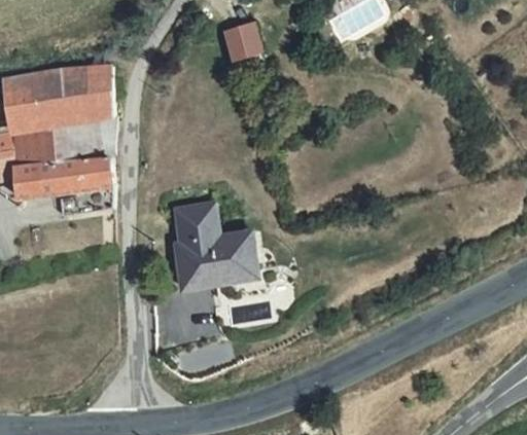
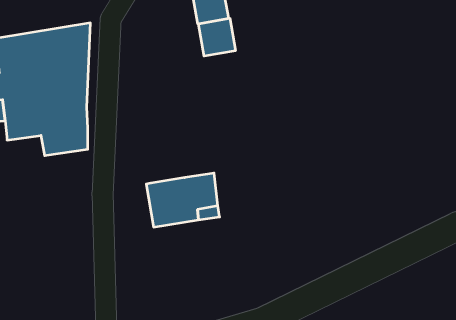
building: none -> [198,18,235,56]
building: [174,201,217,241] -> none

